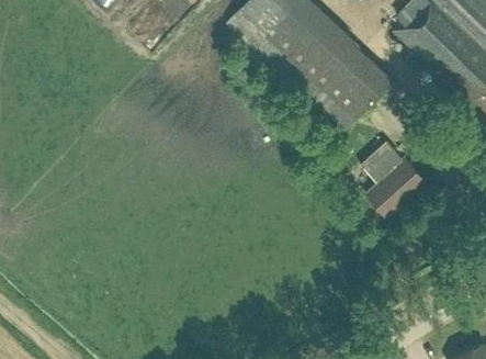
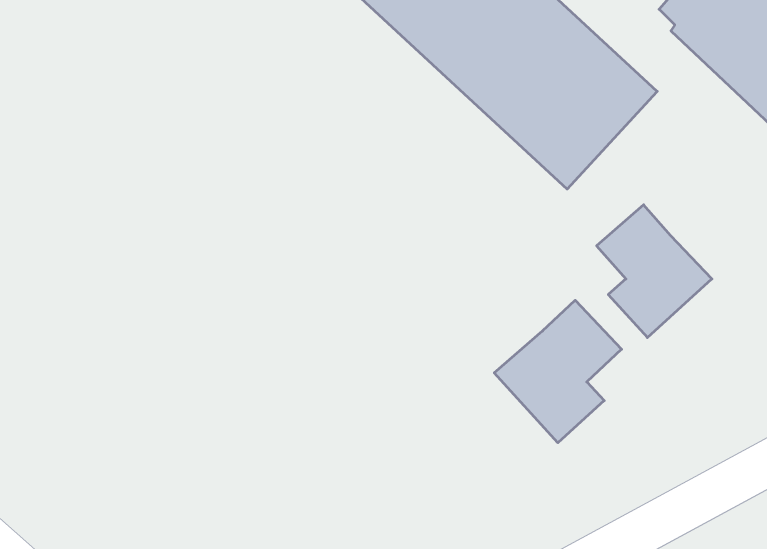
building: none -> [494,300,622,443]

